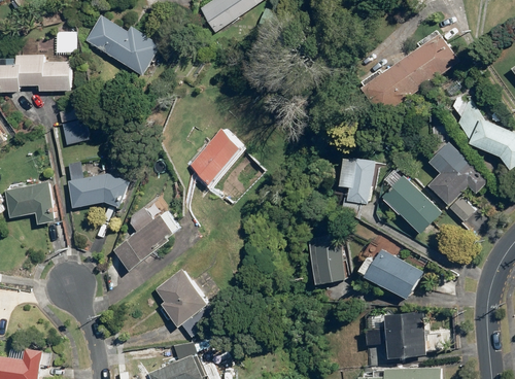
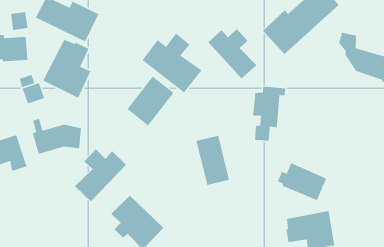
building: none -> [42,39,92,99]
building: none -> [141,33,202,94]
building: none -> [208,28,257,79]
building: [427,141,487,222] -> none
building: [383,176,441,235] -> none
building: [309,221,346,282] -> [196,135,230,186]

